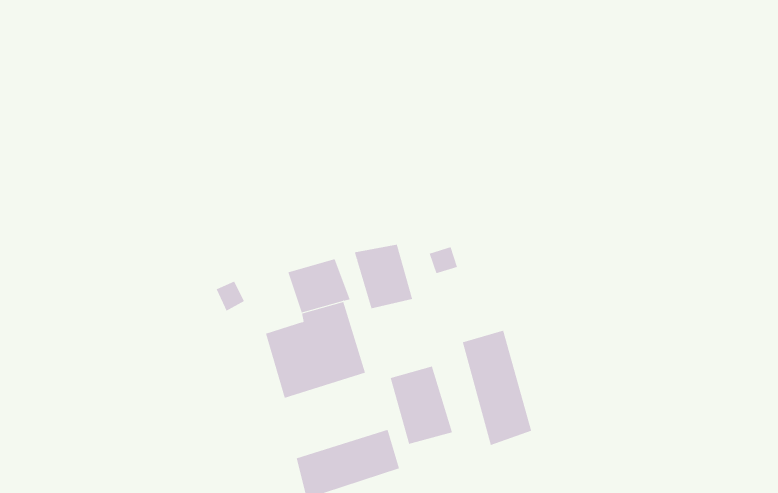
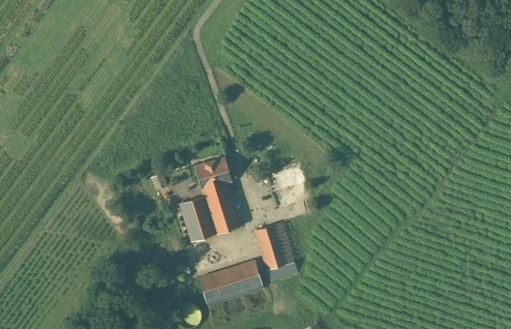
building: [354,244,413,309] -> none
building: [462,330,532,446] -> none

